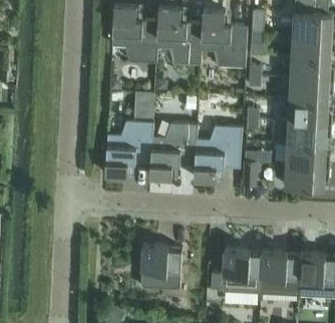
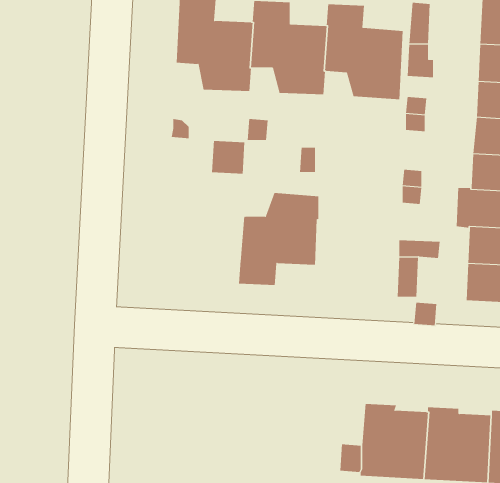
building: [105,121,153,176] -> none
building: [194,126,243,181] -> none
building: [140,245,182,290] -> none

